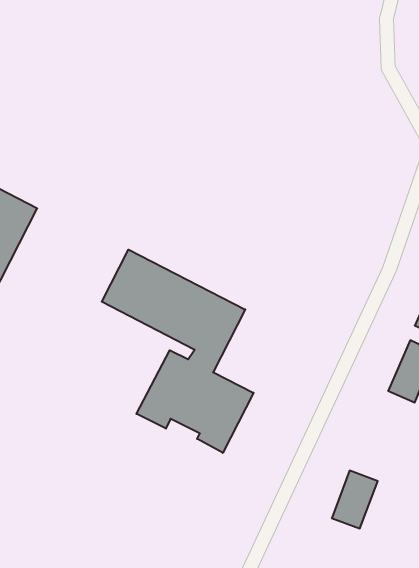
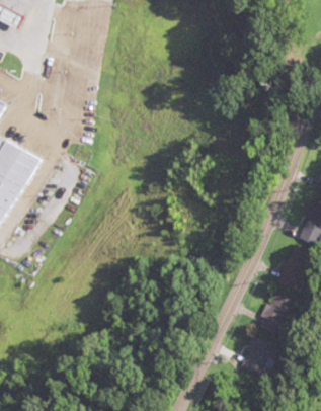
building: [102,250,254,453] -> none
building: none -> [266,293,292,326]

